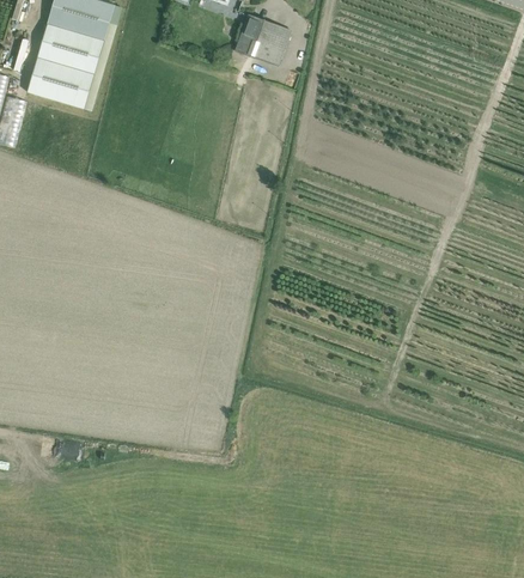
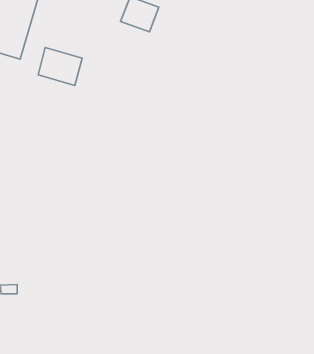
building: none -> [38,47,82,85]

